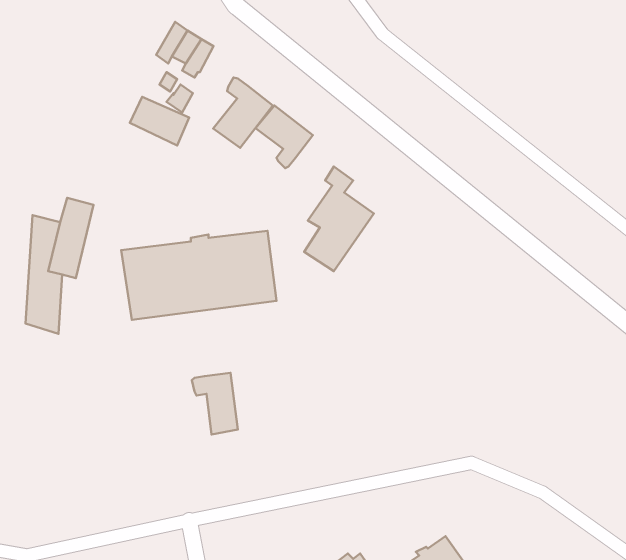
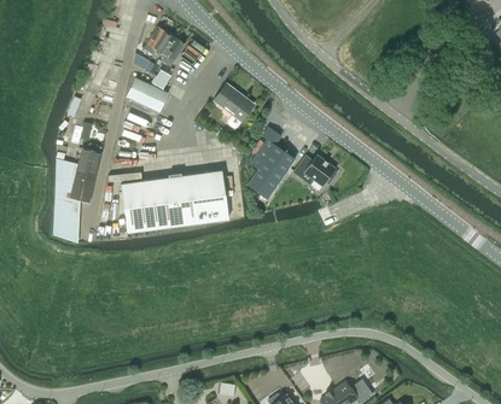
building: [213,78,273,148] -> none
building: none -> [293,154,337,186]
building: [192,373,238,435] -> none

